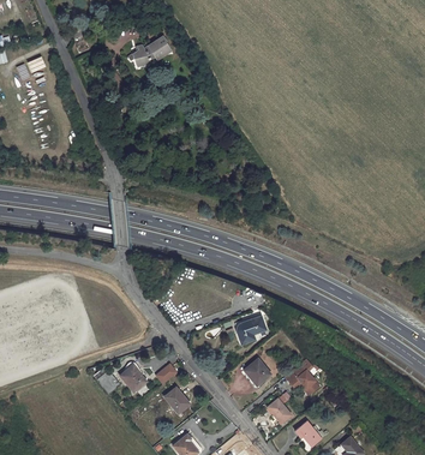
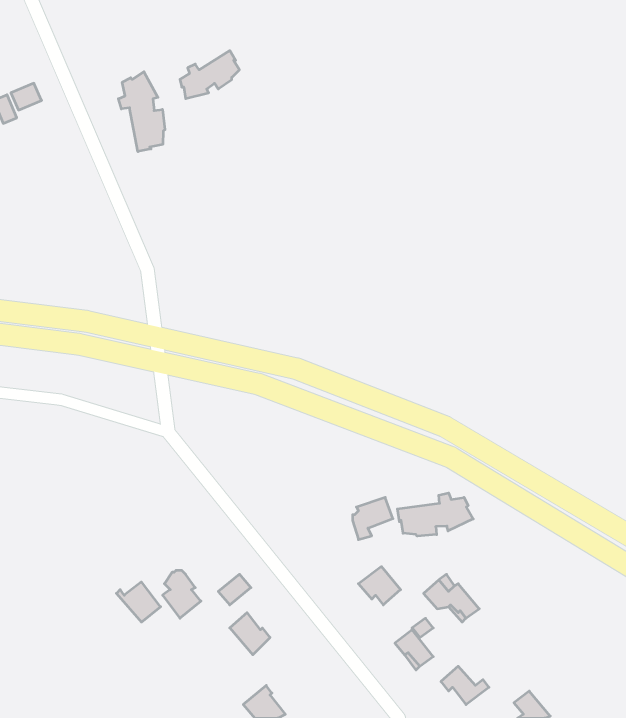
building: none -> [118,72,165,152]
building: none -> [397,493,473,536]

